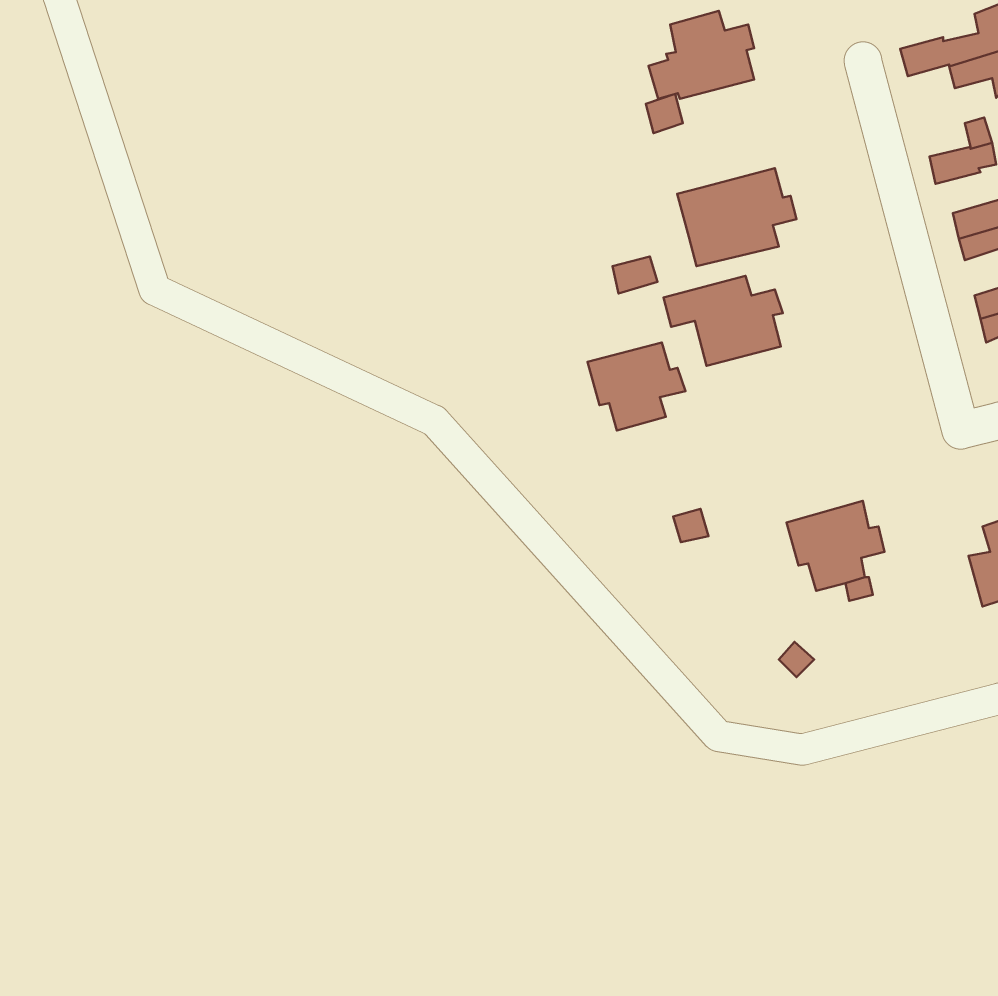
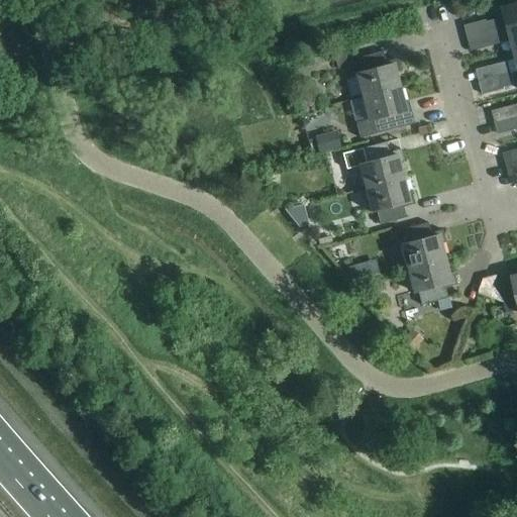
building: [649,11,754,99] -> [346,51,401,97]
building: [588,342,685,430] -> [366,179,416,224]
building: none -> [401,222,446,270]

